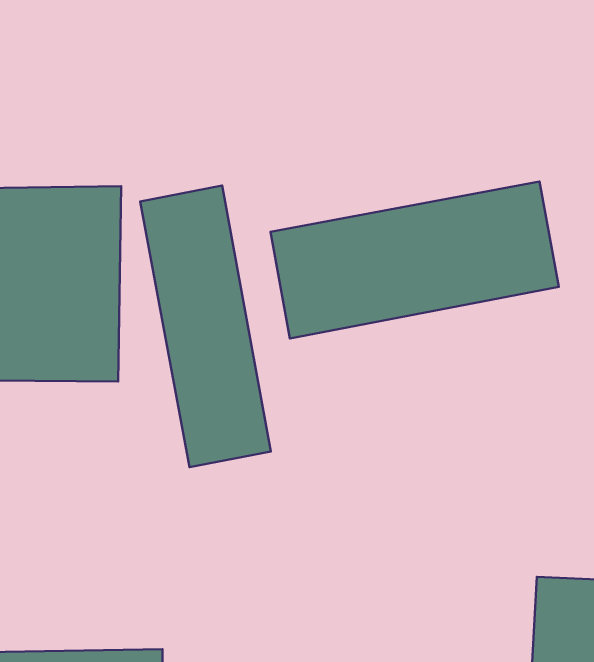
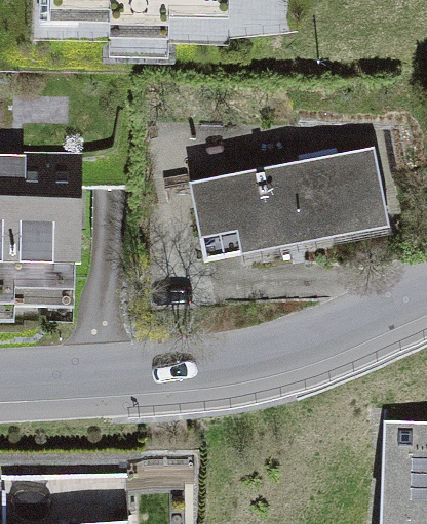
building: [140,185,271,467] -> none

